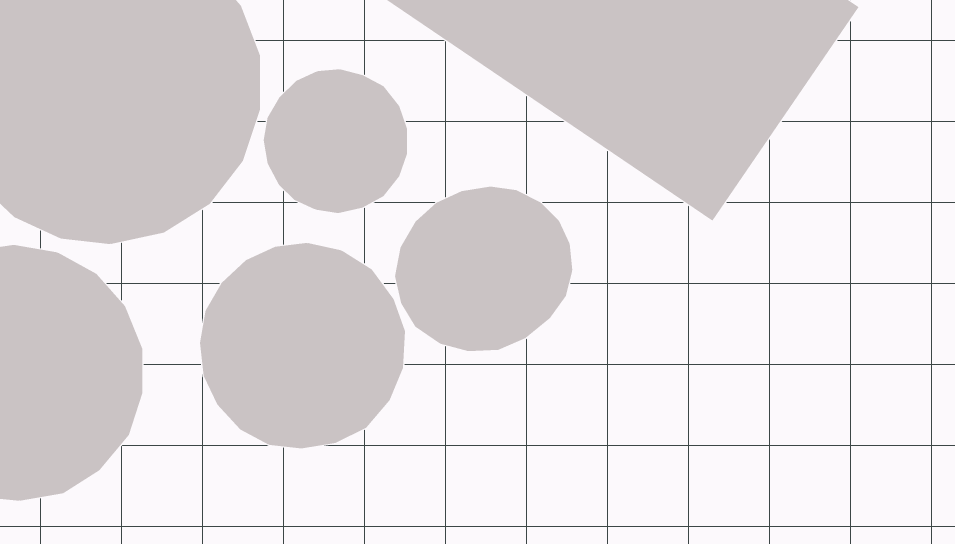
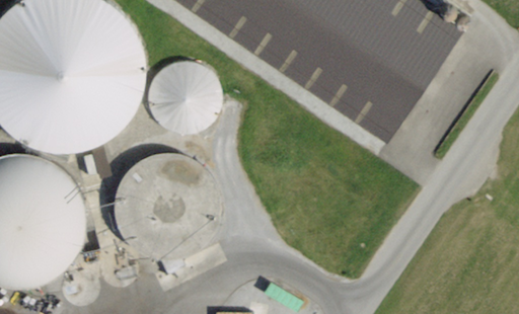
building: [395,186,573,352] -> none

